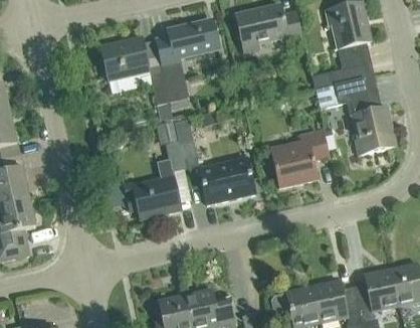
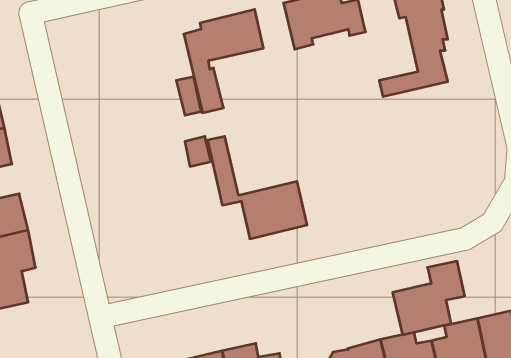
building: [100,35,150,79] -> none
building: [316,75,396,154] -> none
building: [271,128,330,187] -> [393,261,465,335]
building: [122,143,183,219] -> none

